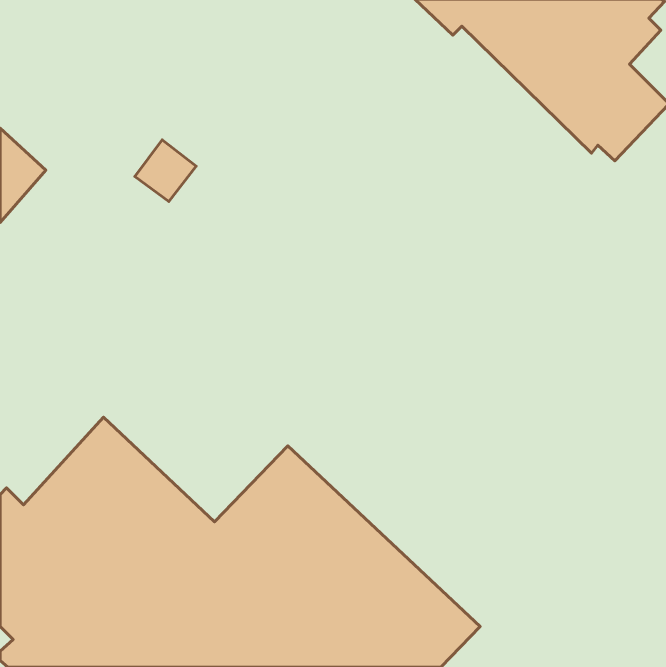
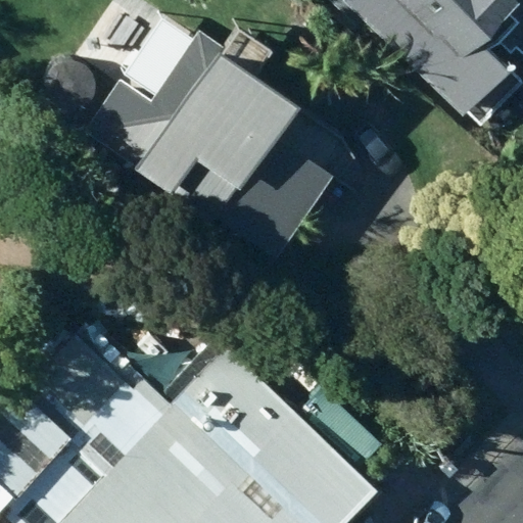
building: none -> [141,52,333,260]

